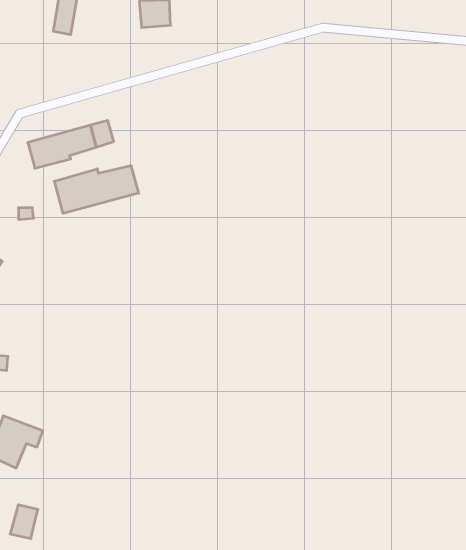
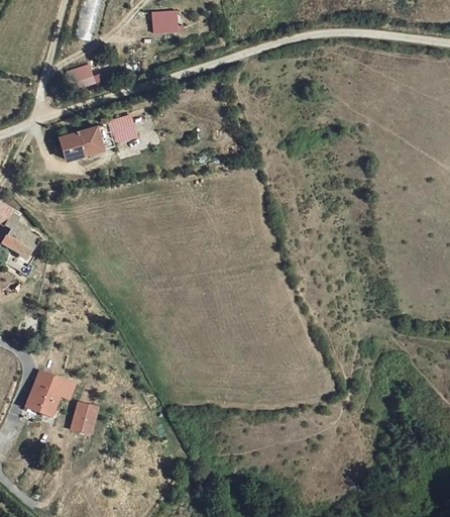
building: none -> [73,66,109,88]
building: [54,165,139,213] -> none
building: [10,505,38,539] -> [71,404,95,433]

